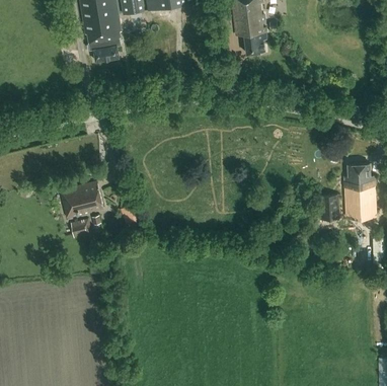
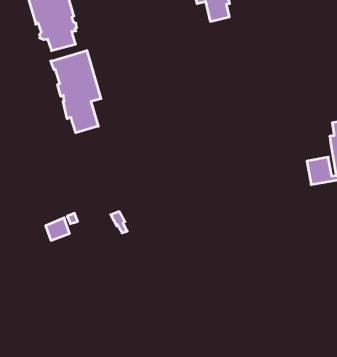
building: none -> [51,50,101,133]
building: [59,180,102,217] -> none

